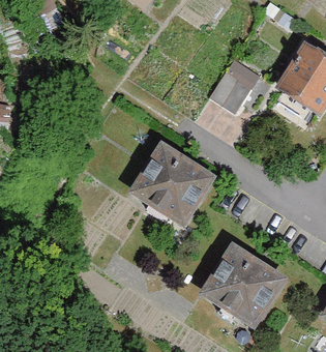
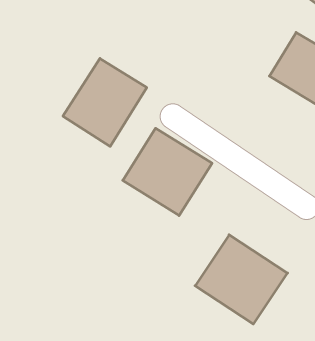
building: [210,57,262,114] -> none
building: none -> [63,58,147,146]

